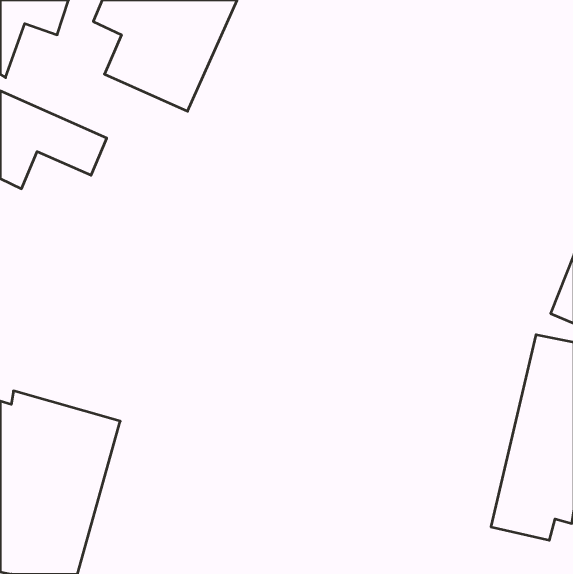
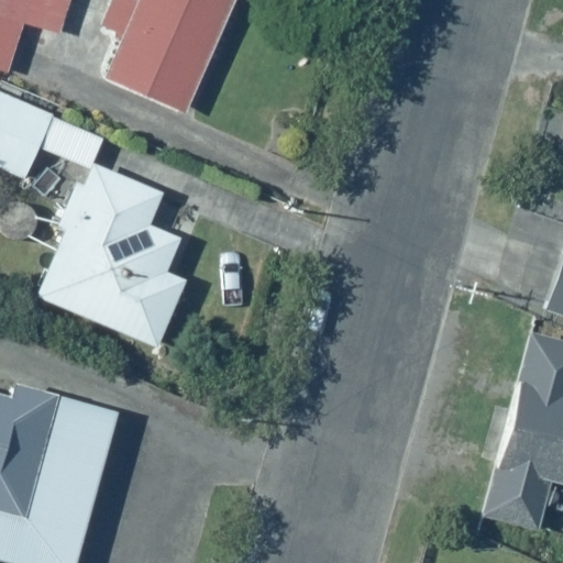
building: none -> [31,167,200,345]

